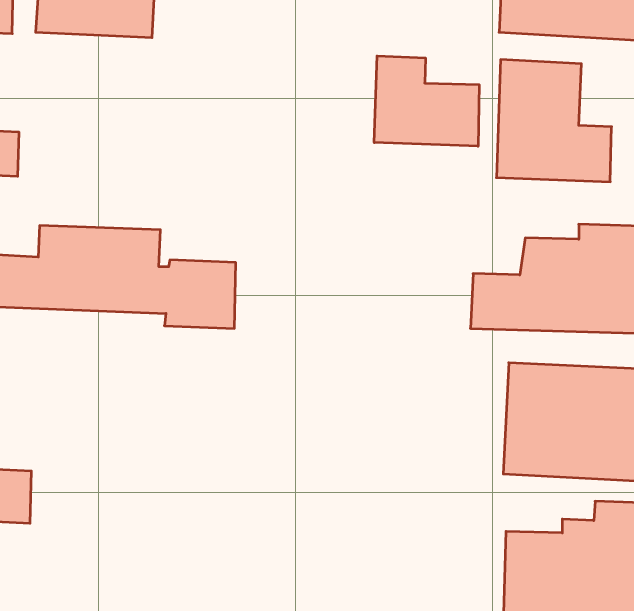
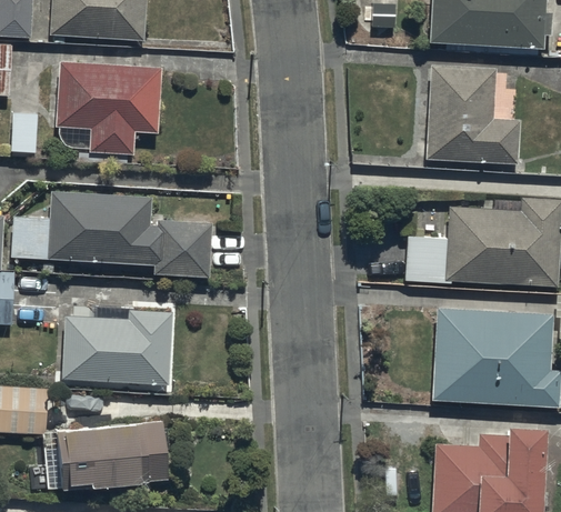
building: [374,56,479,146] -> none
building: none -> [57,66,162,157]
building: none -> [63,315,174,386]
building: none -> [58,424,170,492]

